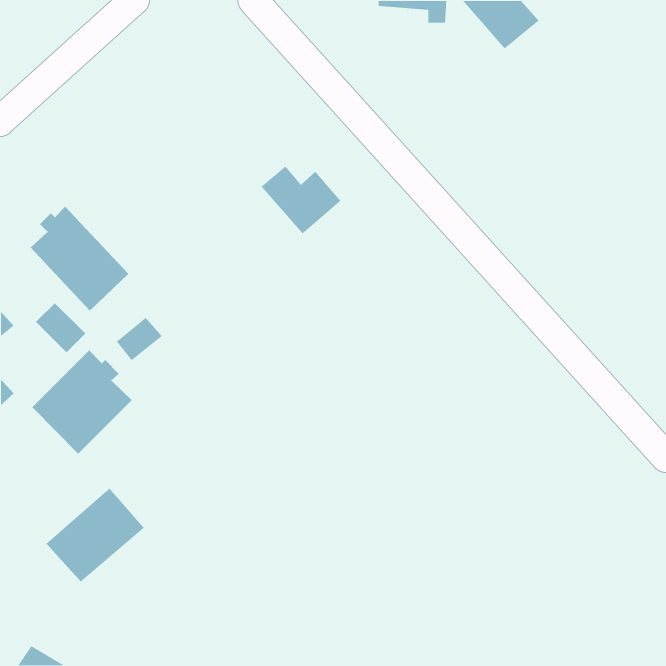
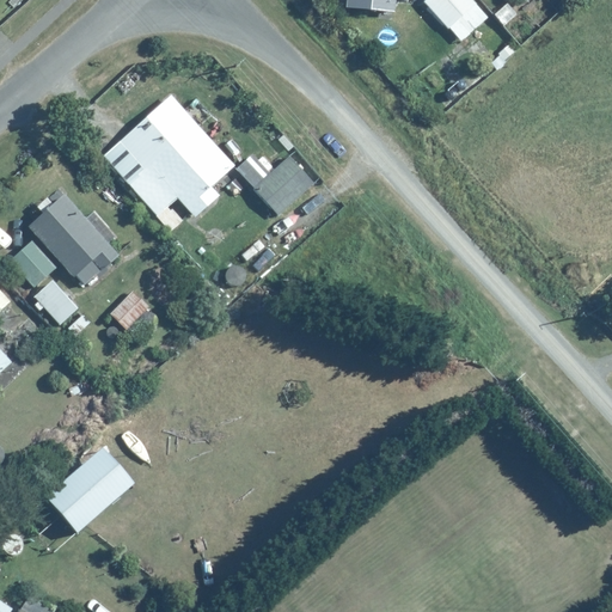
building: none -> [118,93,238,216]
building: none -> [7,238,55,287]
building: [32,350,132,455] -> none

